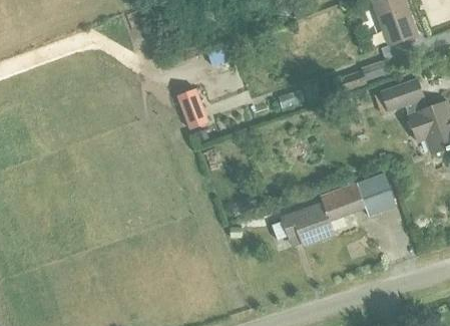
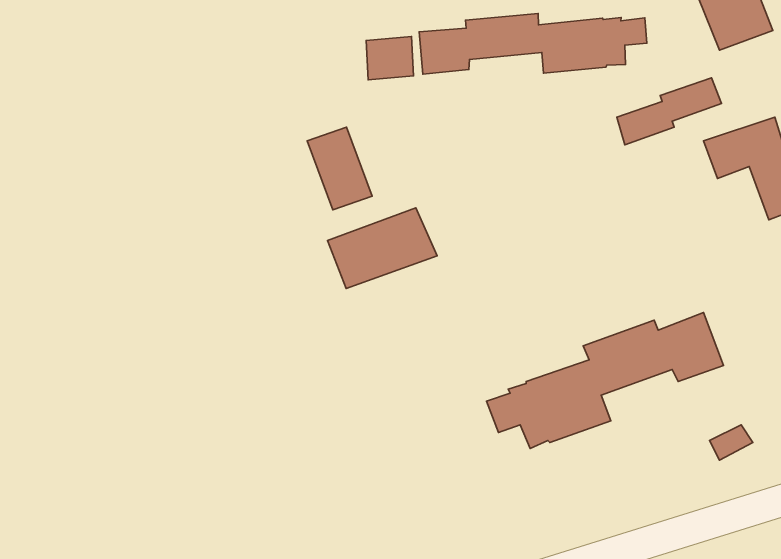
building: none -> [419,14,647,74]
building: none -> [327,208,437,289]

